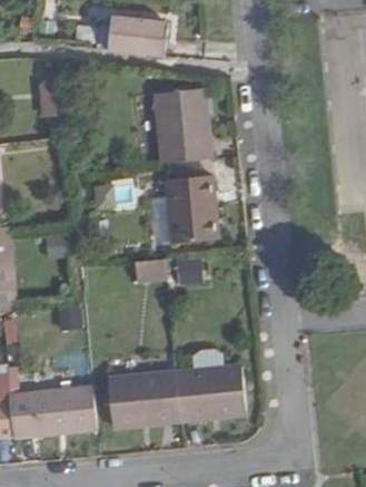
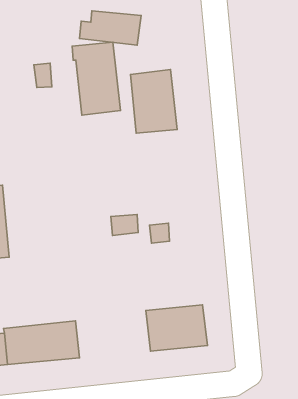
building: [162,158,219,244] -> [72,42,121,115]
building: [108,371,179,425] -> none

